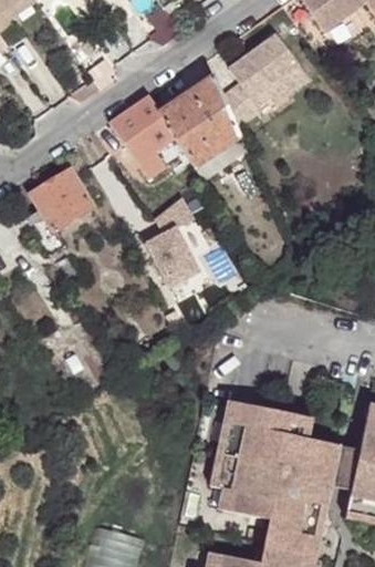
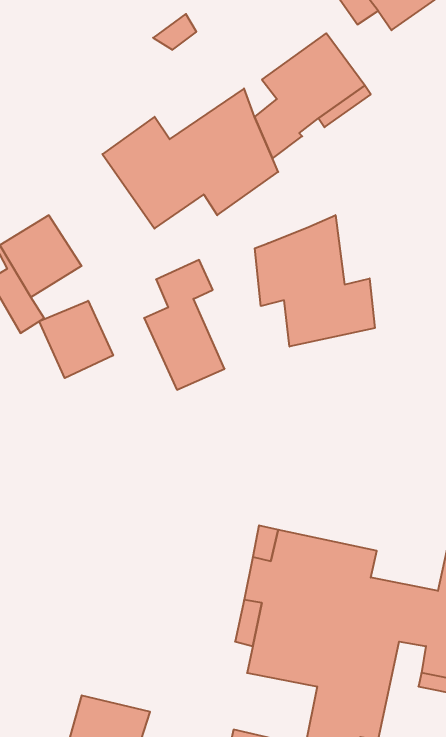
building: none -> [255,215,375,347]
building: none -> [39,301,113,378]

